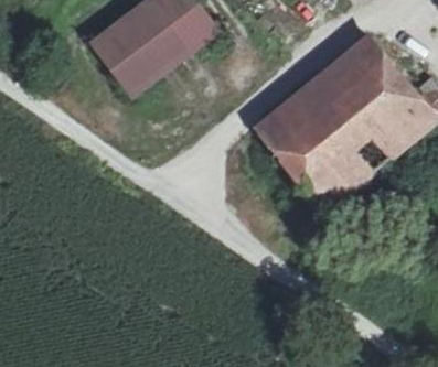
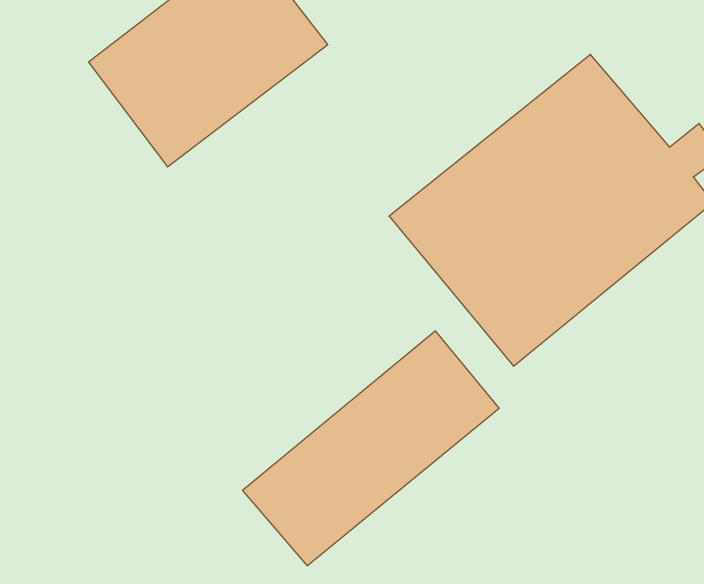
building: none -> [243,331,499,566]

